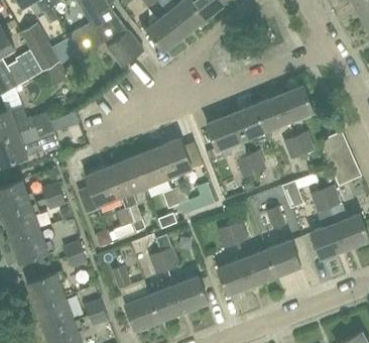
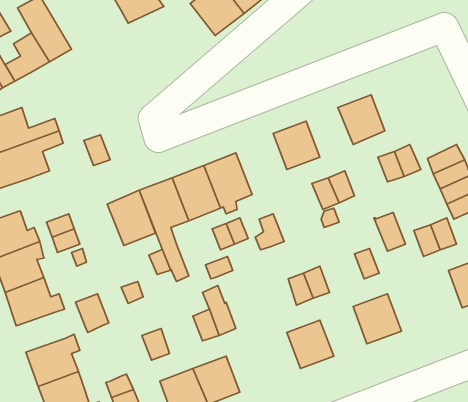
building: [107,31,145,69] -> none
building: [278,86,313,122] -> none
building: [231,105,265,141] -> none
building: [311,224,345,260] -> none
building: [241,250,275,287] -> none
building: [172,276,208,313] -> none

